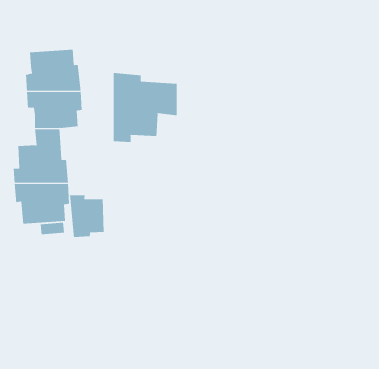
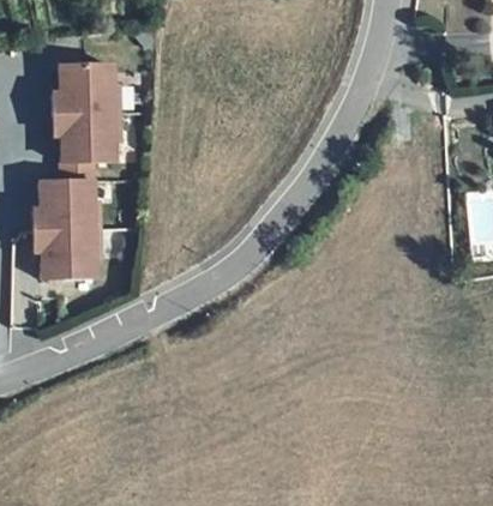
building: [113,72,177,143] -> none
building: [69,195,104,238] -> none

